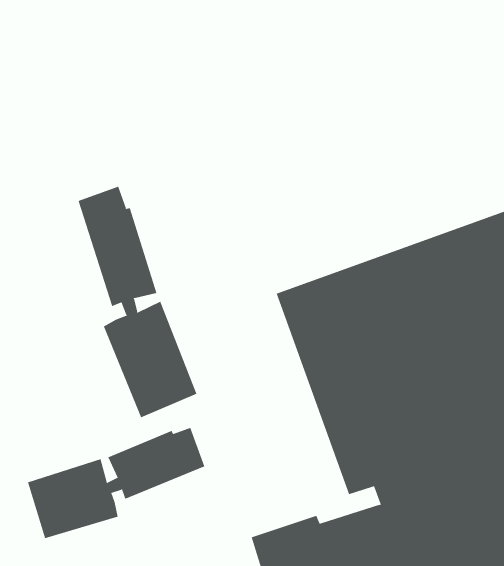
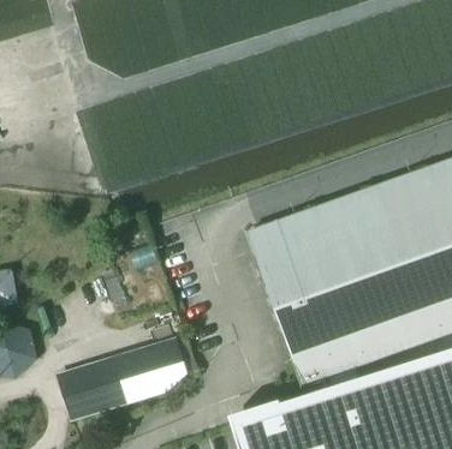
building: [78,186,197,418] -> none

